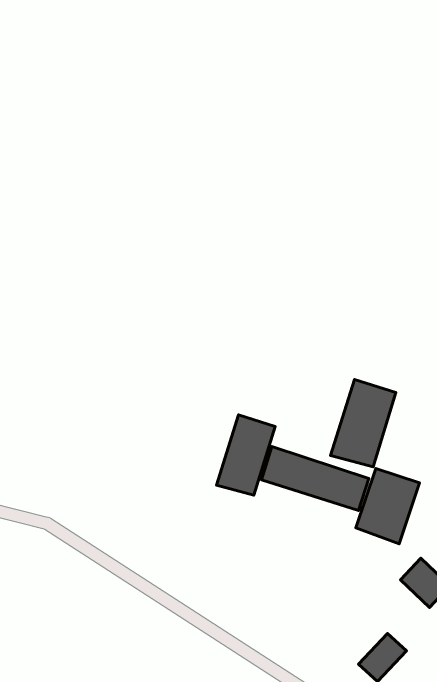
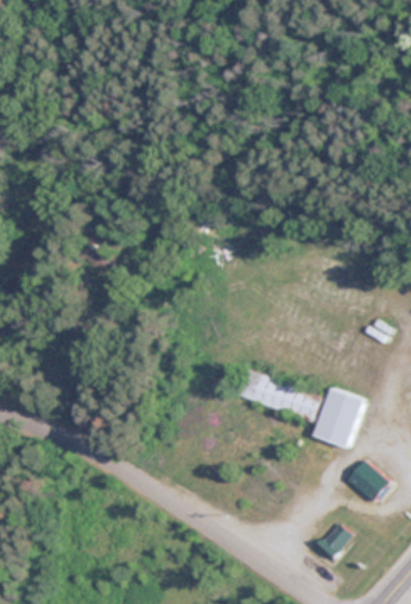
building: [331,379,396,467] -> none
building: [217,415,275,495] -> none

